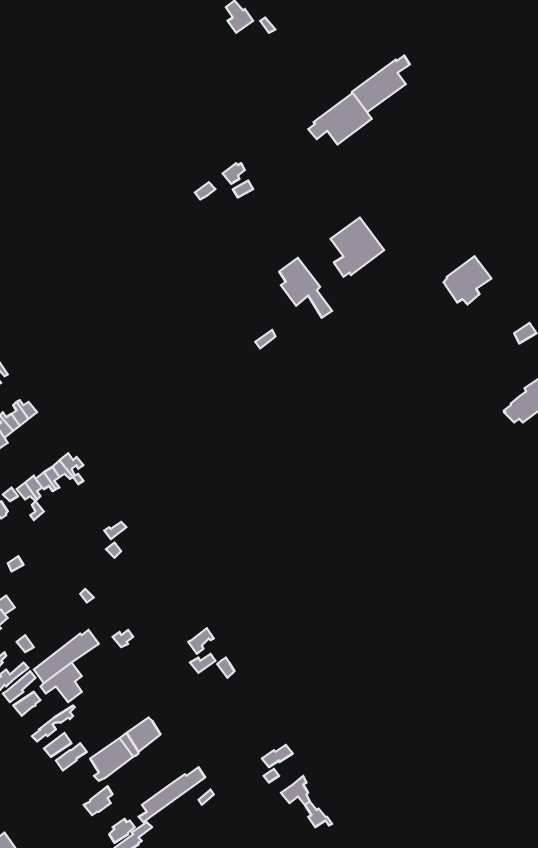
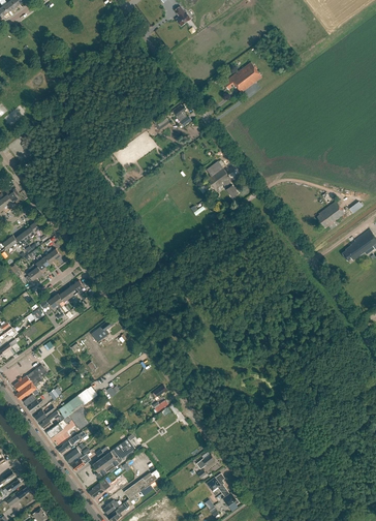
building: [352,56,410,112] -> none
building: [330,217,384,277] -> none
building: [443,256,492,304] -> [317,201,346,229]

